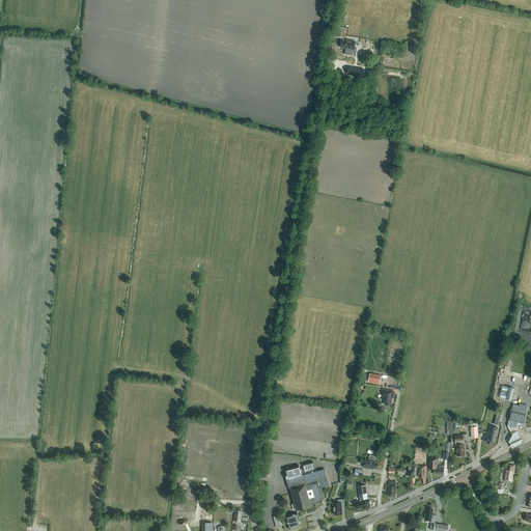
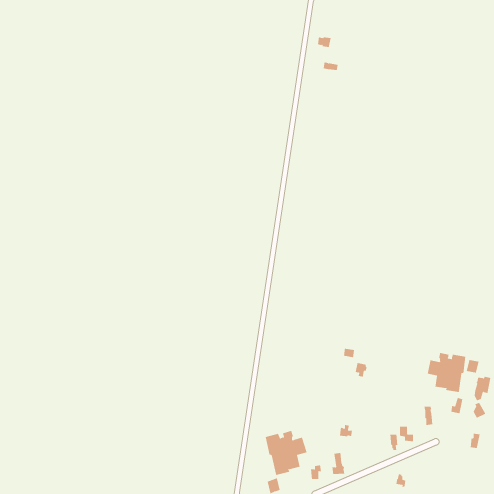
building: none -> [427,352,466,393]

